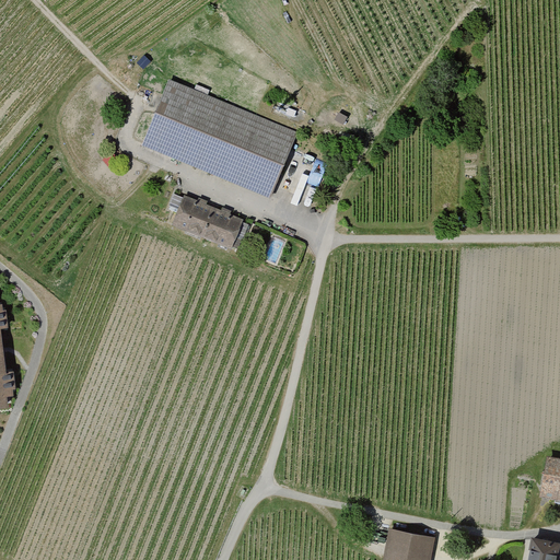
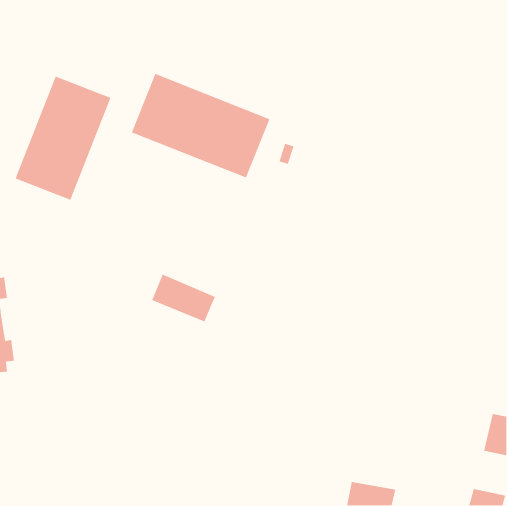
building: none -> [14,75,112,201]
building: [172,195,243,248] -> [151,274,216,323]

